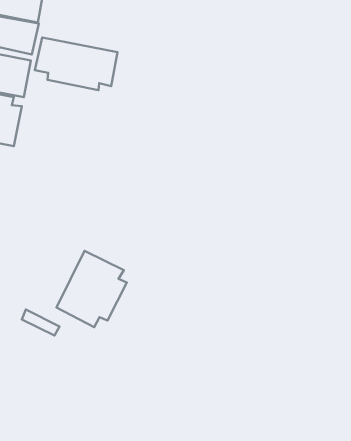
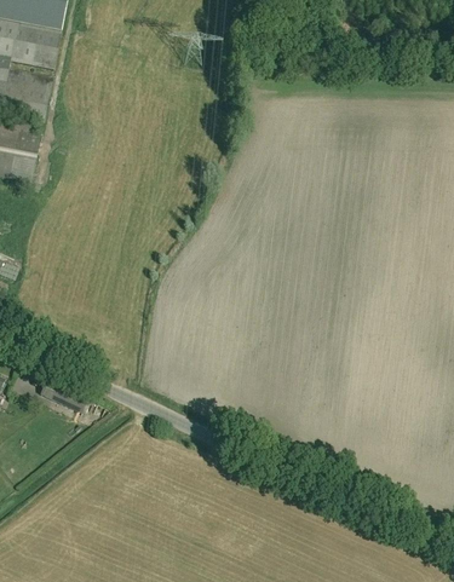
building: [35,38,117,90] -> none
building: [56,251,127,327] -> none

